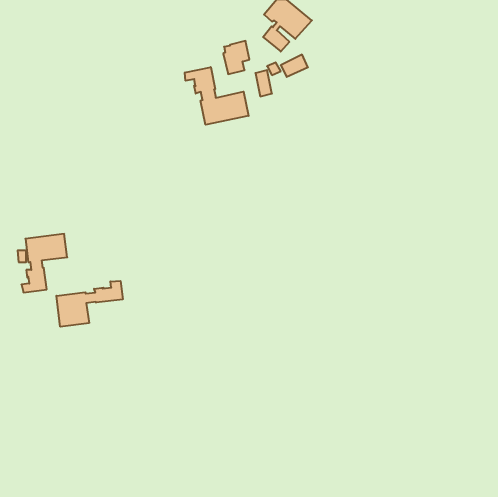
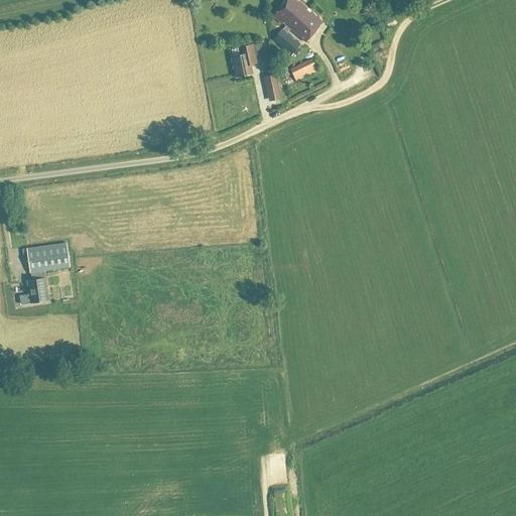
building: [185,67,249,125] -> none
building: [56,281,123,327] -> none

